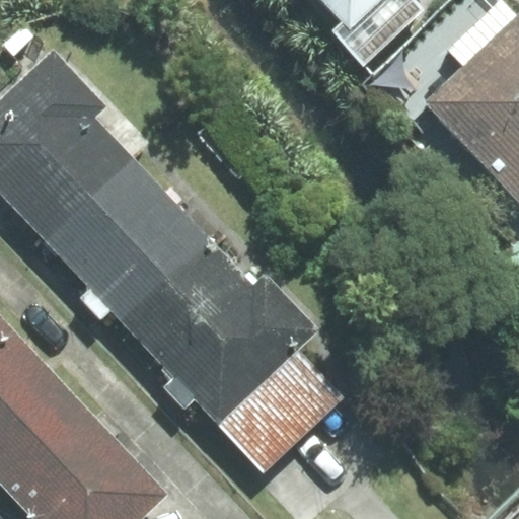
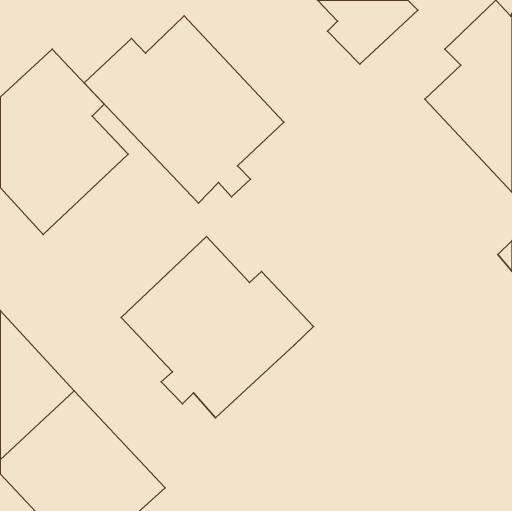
building: none -> [84,16,284,203]
building: [44,157,209,322] -> none
building: [218,350,343,471] -> none

